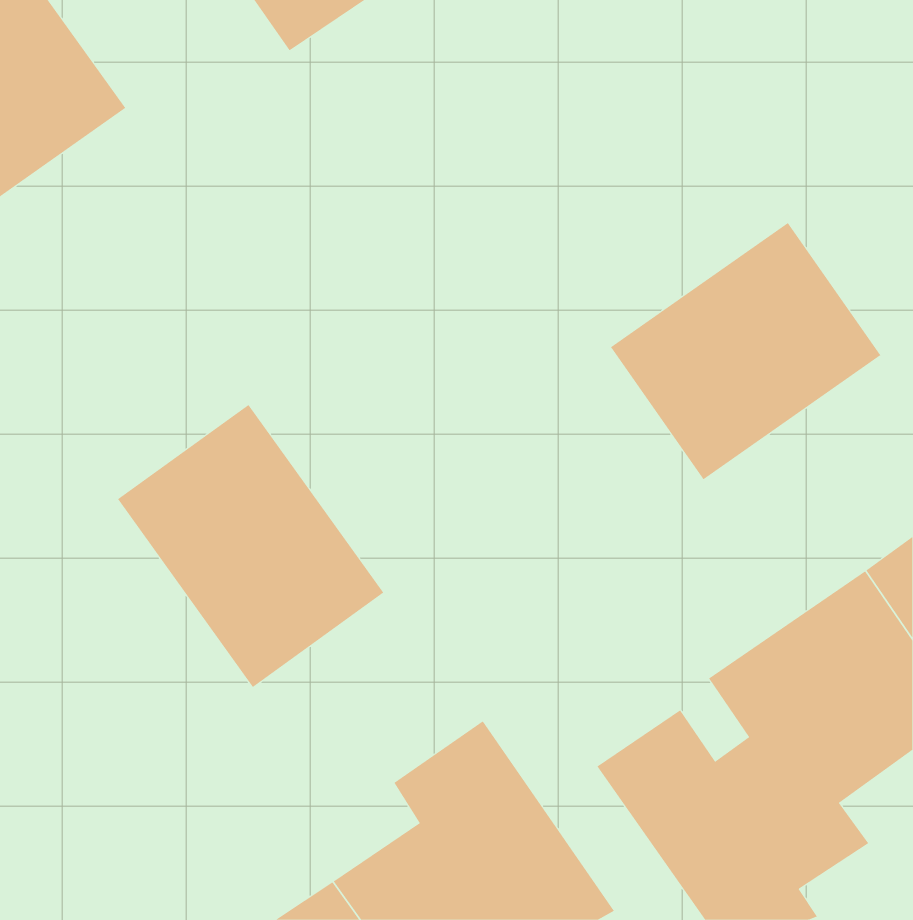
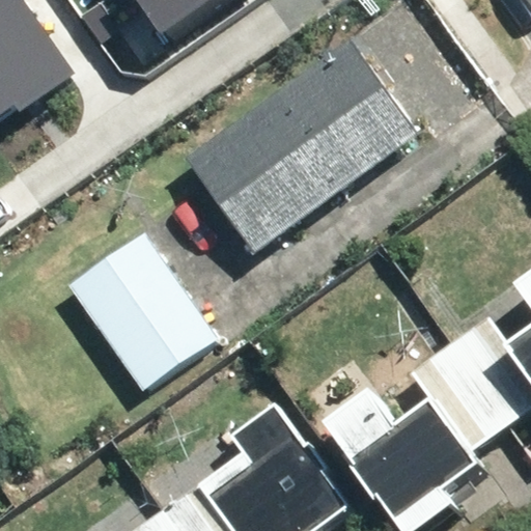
building: none -> [189,58,402,252]
building: [610,222,881,480] -> none

